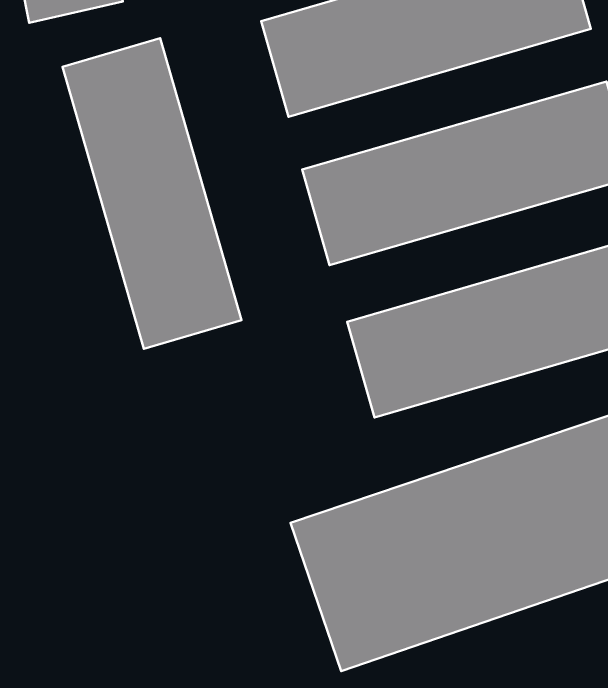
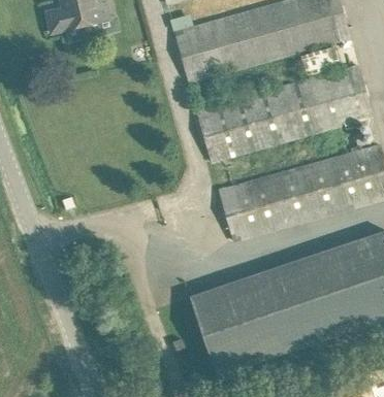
building: [62,38,242,349] -> none

